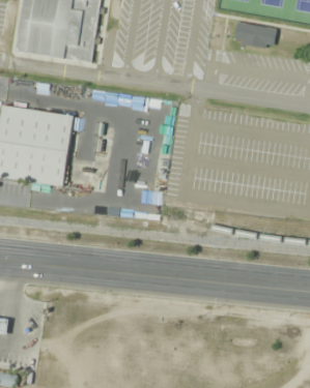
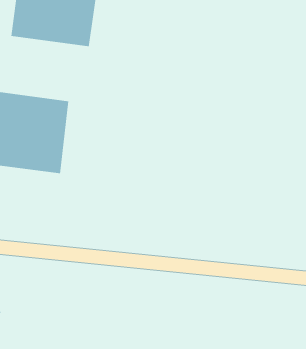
building: [233,22,277,49] -> none

